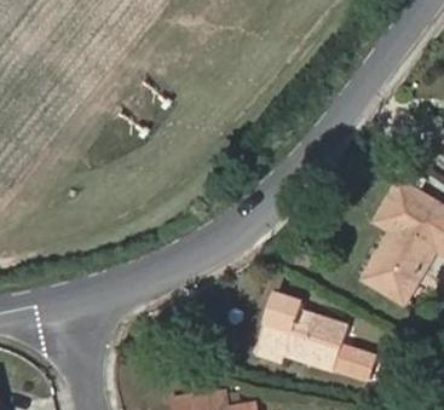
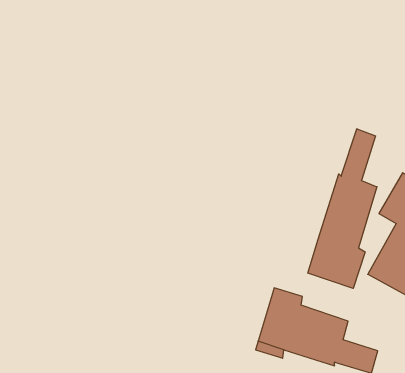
building: none -> [308,129,377,288]

